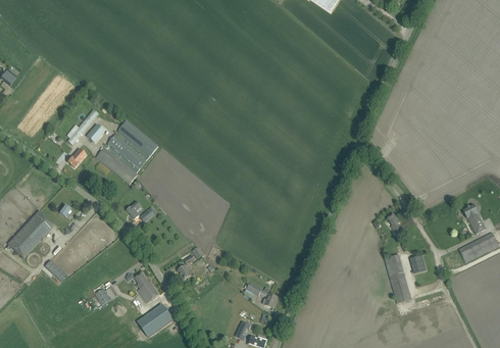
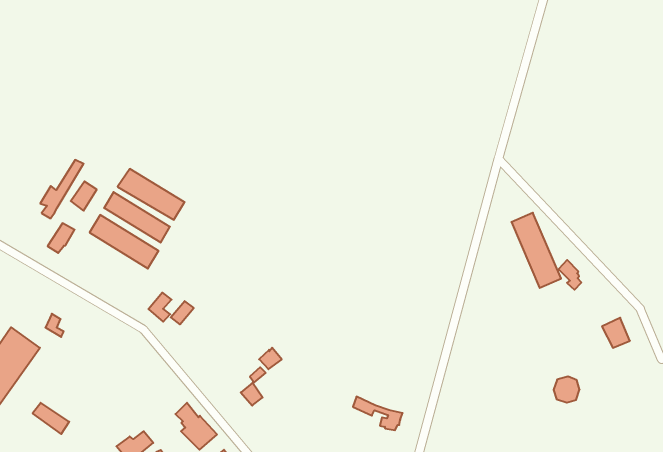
building: [384,255,410,303] -> [511,213,561,288]

